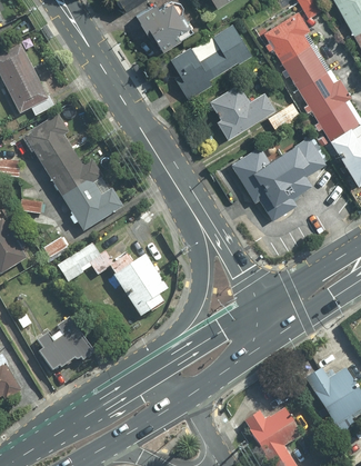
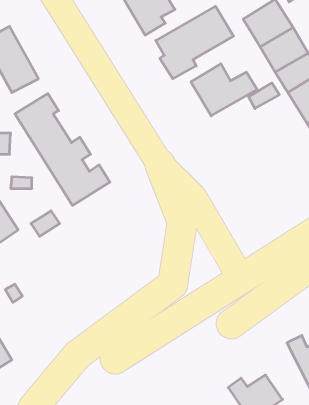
building: [231,135,324,218] -> none
building: [57,242,168,315] -> none
building: [37,316,94,373] -> none

